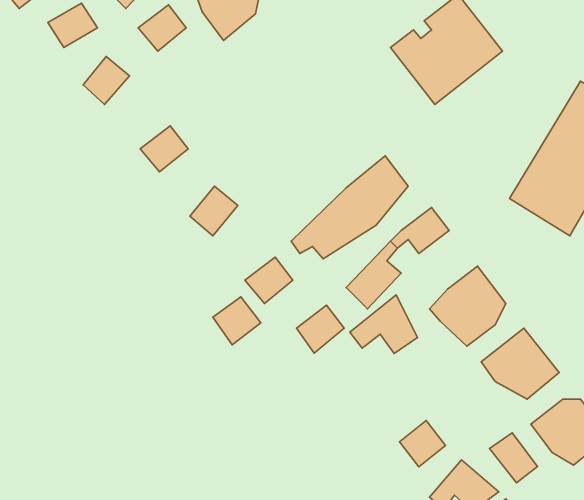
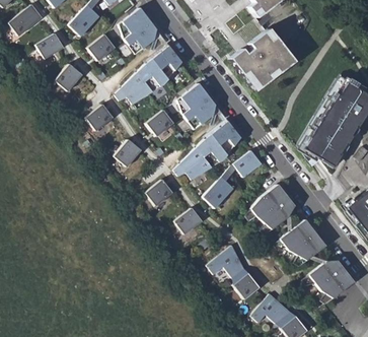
building: none -> [115,46,181,105]
building: none -> [176,83,214,130]
building: none -> [148,109,176,136]
building: [350,295,417,354] -> [209,244,247,277]
building: [213,297,261,345] -> none
building: [489,433,537,483] -> none

